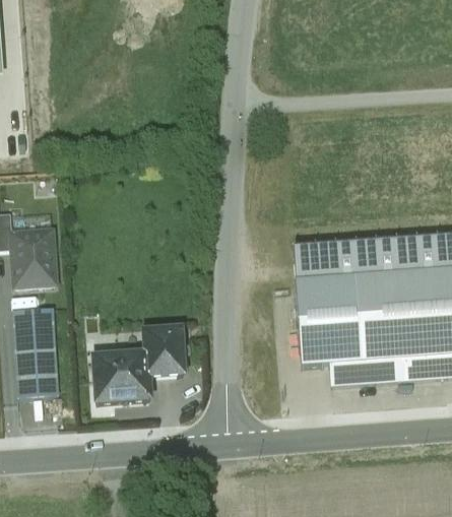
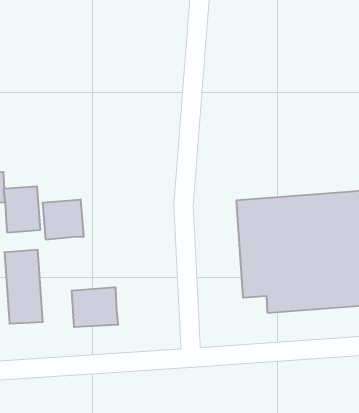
building: none -> [43,199,84,240]
building: [144,327,184,374] -> none

